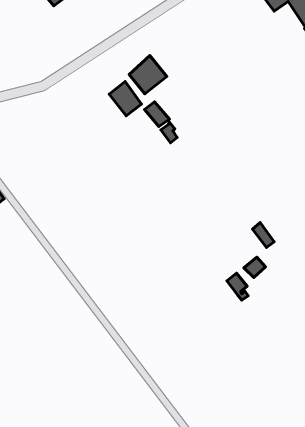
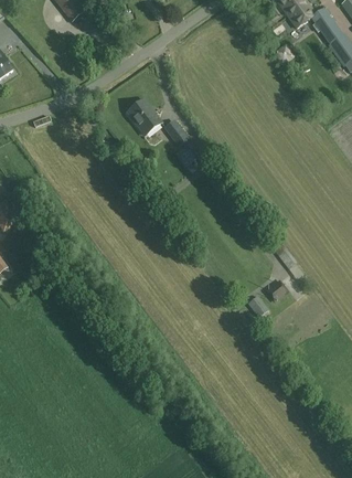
building: [129,56,167,94] -> none

